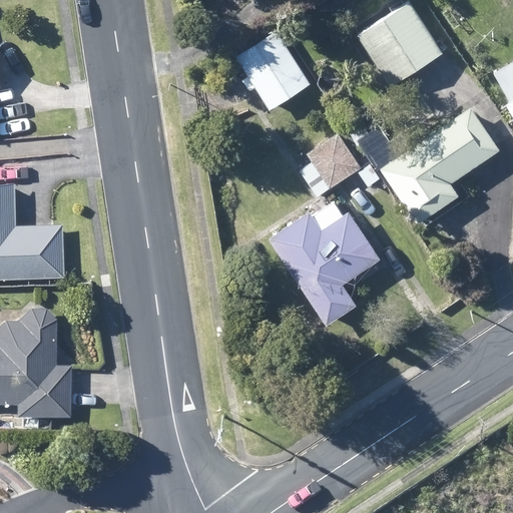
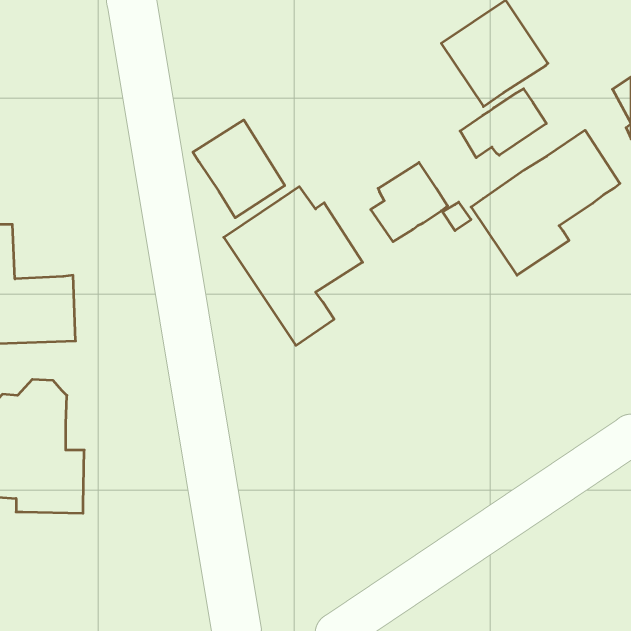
building: [235,32,310,111] -> [193,120,285,218]
building: none -> [460,89,546,158]
building: [270,198,382,327] -> [224,187,363,345]

